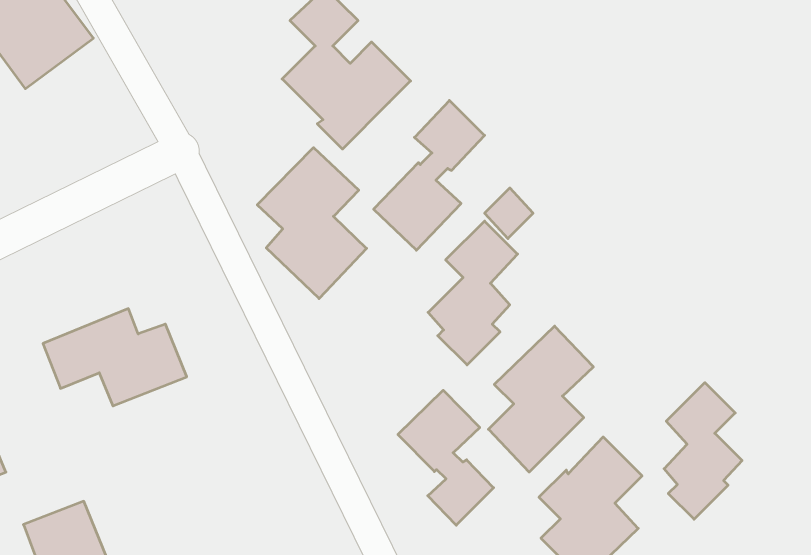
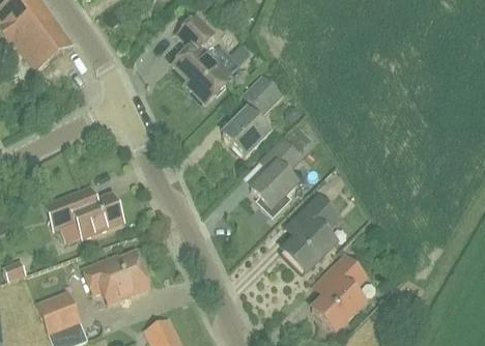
building: [257,148,367,299] -> none
building: [664,383,742,519] -> none
building: [398,390,494,525] -> none
building: none -> [84,253,149,302]

